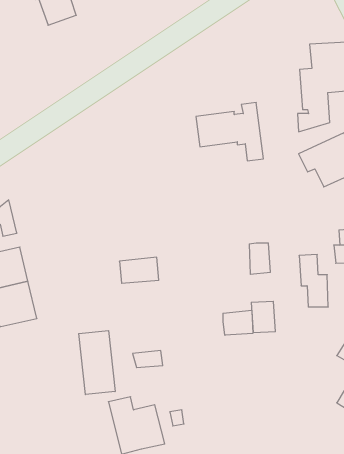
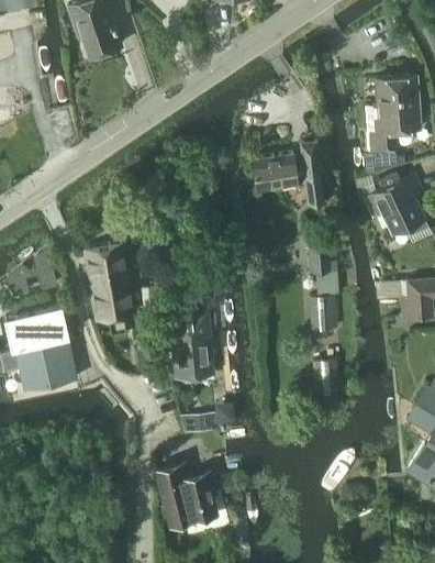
building: none -> [85,241,137,323]
building: [299,255,328,307] -> [309,240,341,297]
building: none -> [171,338,215,379]
building: [223,310,253,335] -> none
building: [79,331,115,395] -> none

